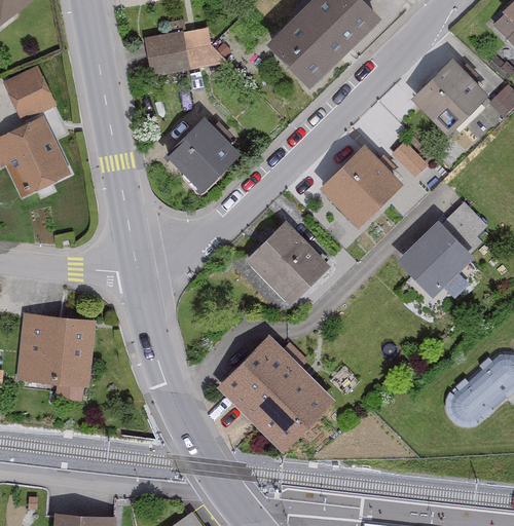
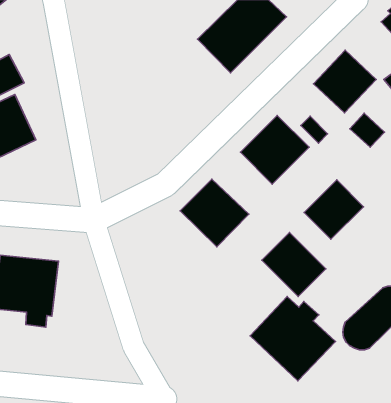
building: [143,28,215,78] -> none
building: [162,116,238,191] -> none
building: [450,200,492,242] -> [350,113,384,147]
building: none -> [262,233,326,296]
building: [223,340,328,444] -> [250,296,336,381]

